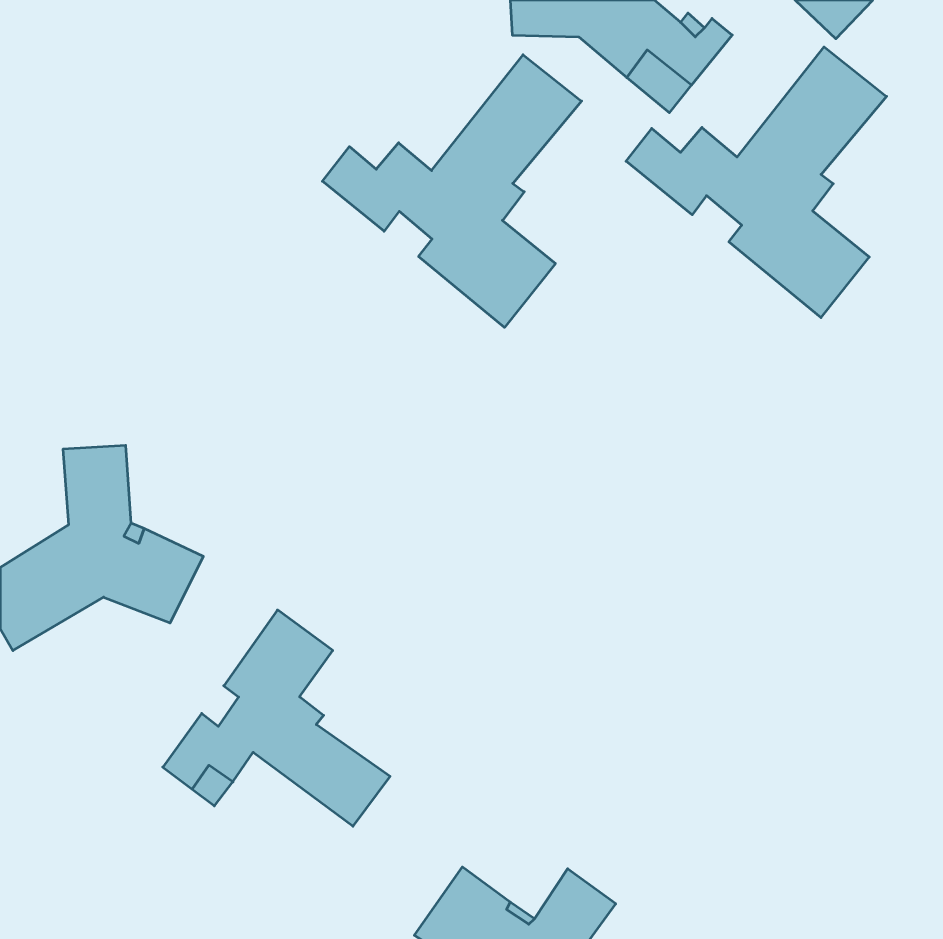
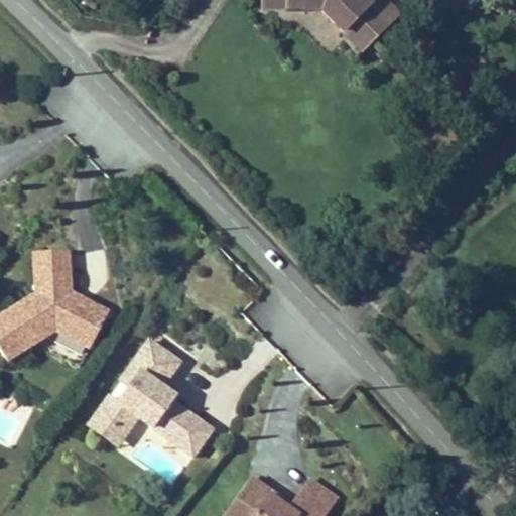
building: [626,47,887,318] -> none
building: [322,55,582,327] -> none

